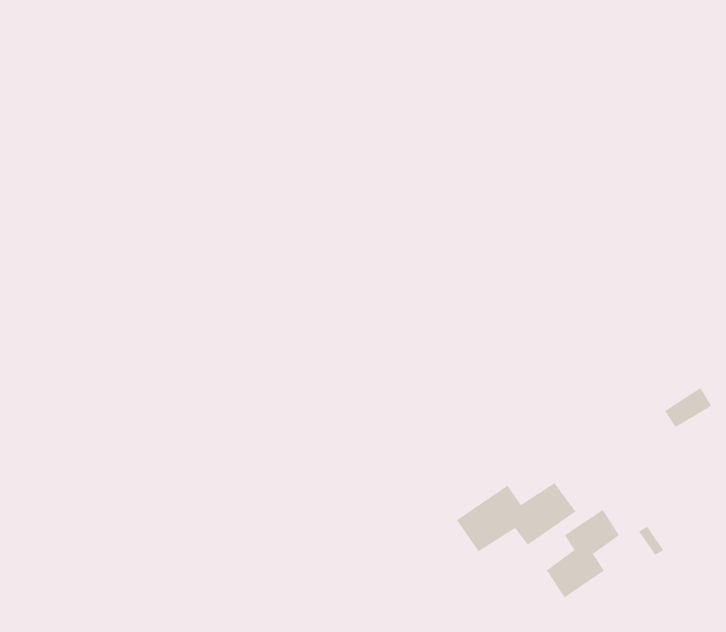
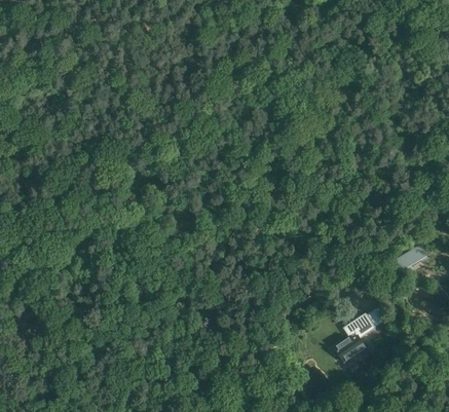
building: [456,482,576,552] -> none

